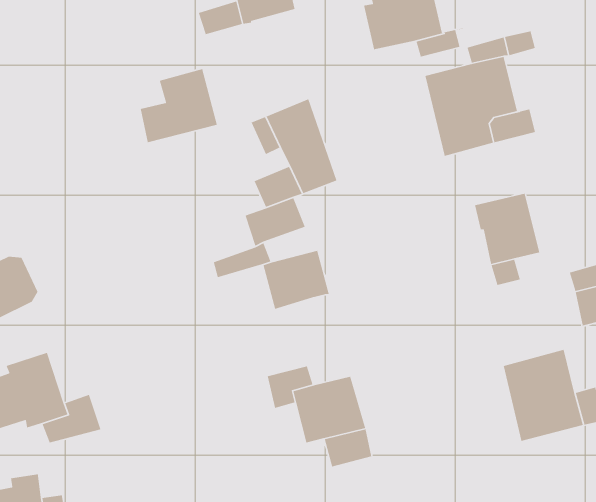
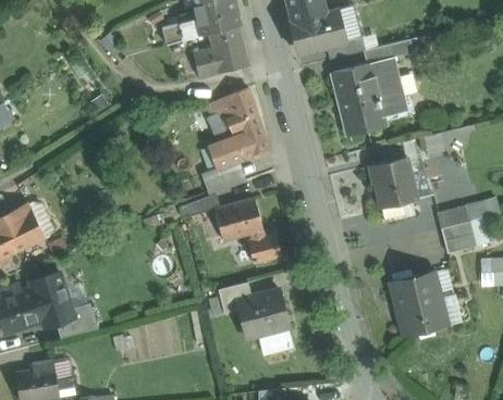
building: [140,68,218,143] -> [193,24,249,78]
building: none -> [248,230,282,263]

